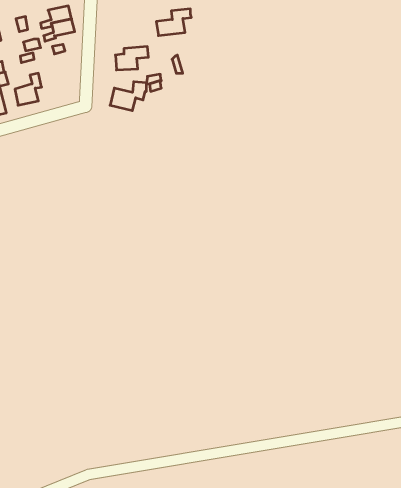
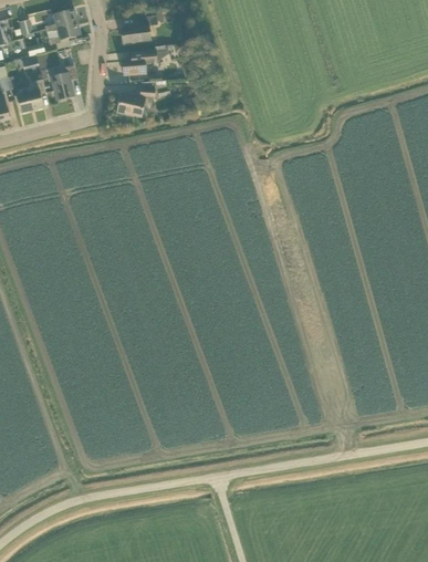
building: [156,9,191,36] -> [121,15,157,43]
building: none -> [50,65,76,100]

